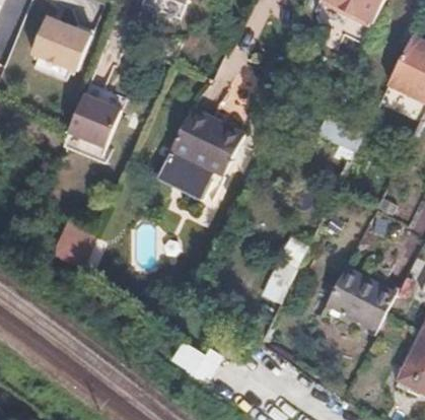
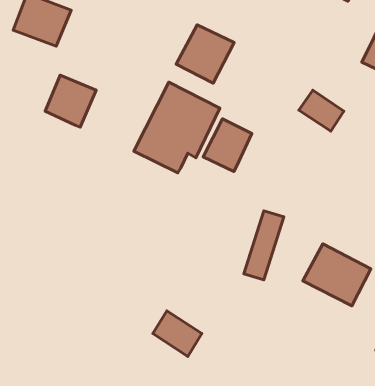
building: none -> [176,25,234,83]
building: none -> [203,119,252,172]
building: [51,217,94,269] -> none

